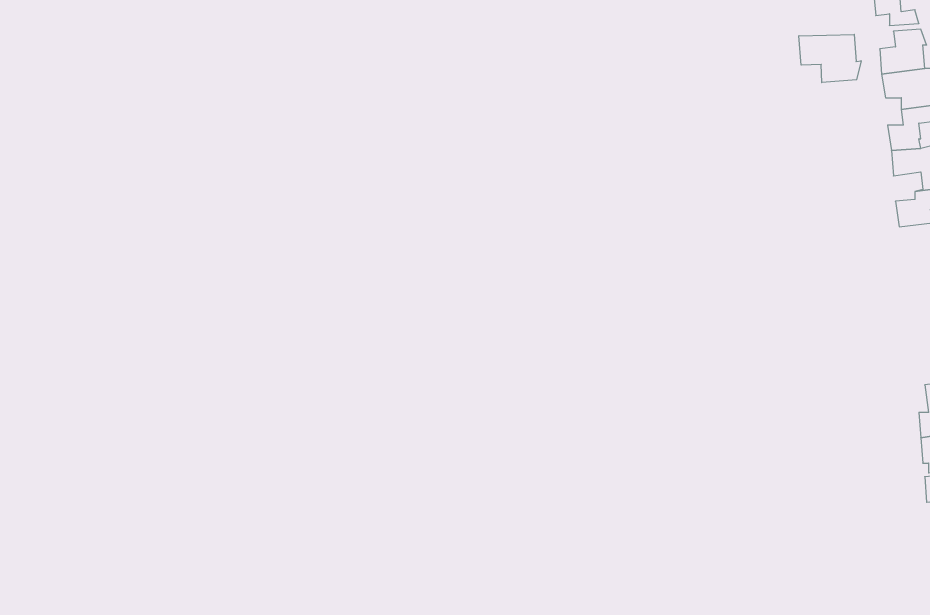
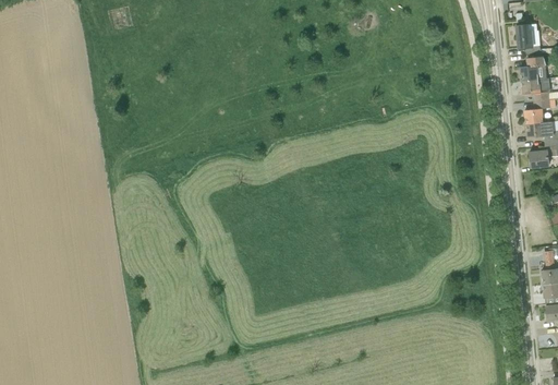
building: [799,34,861,83] -> none

